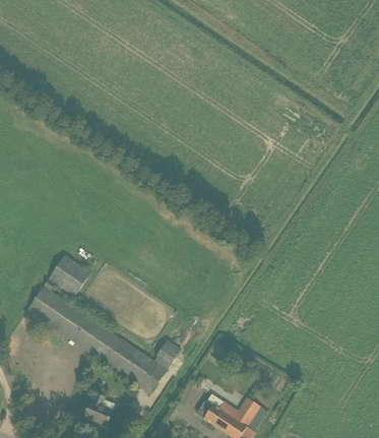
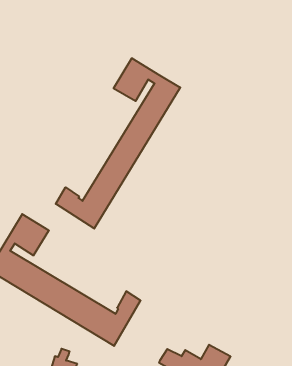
building: none -> [56,58,180,229]

